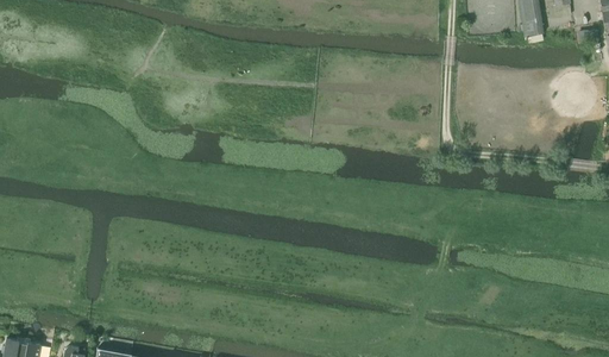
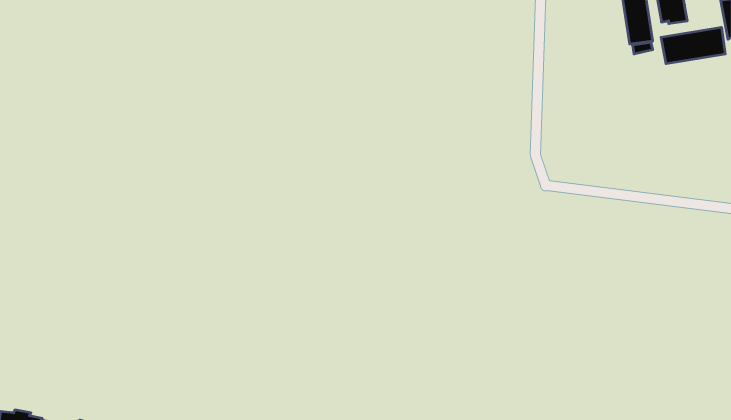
building: none -> [661,27,725,64]

